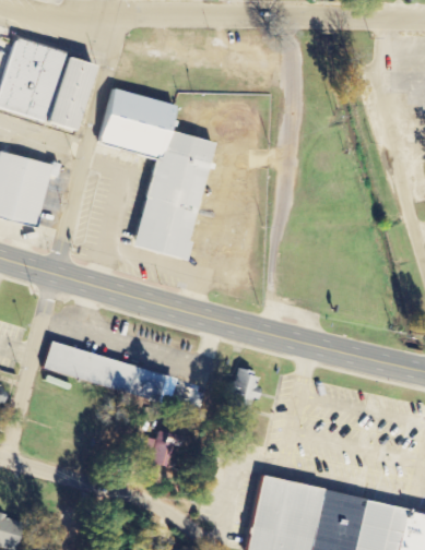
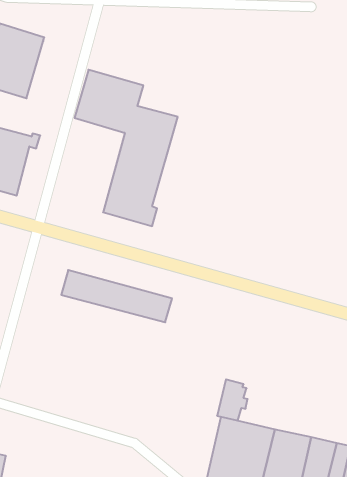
building: [45,58,93,131] -> none
building: [44,342,167,399] -> [61,270,172,322]
building: [226,366,260,411] -> [217,379,248,421]
building: [145,430,177,466] -> none

